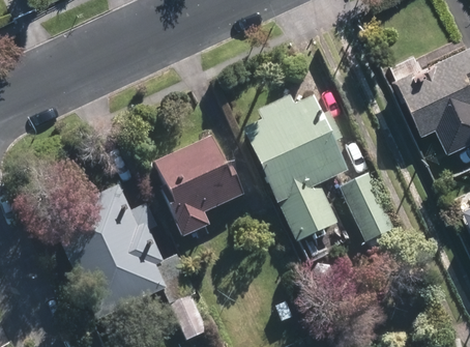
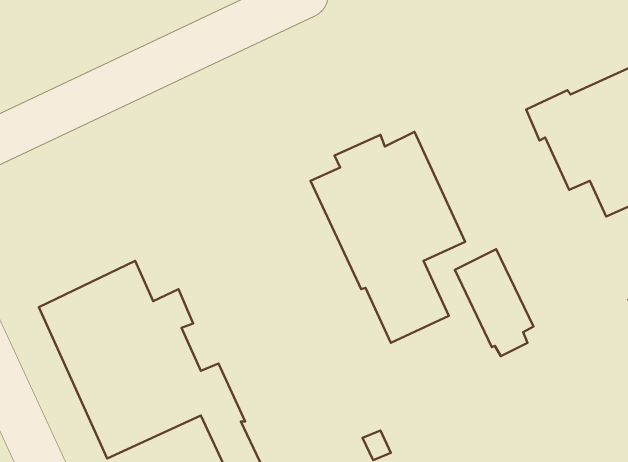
building: [153,133,272,236] -> none

